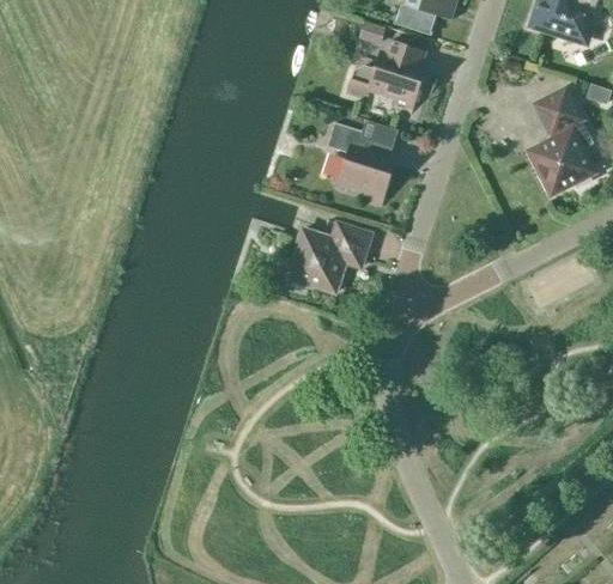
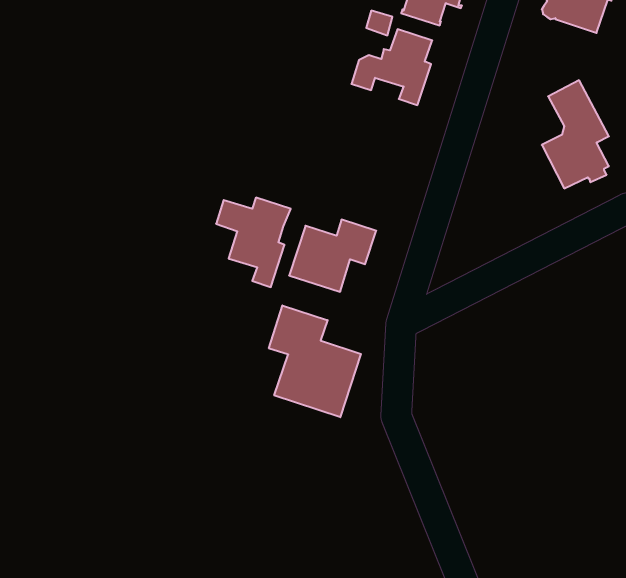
building: [327,120,399,206] -> [216,198,291,287]
building: none -> [269,305,361,417]

